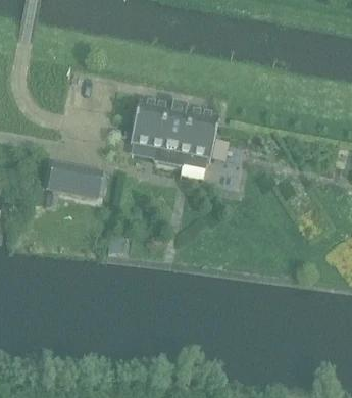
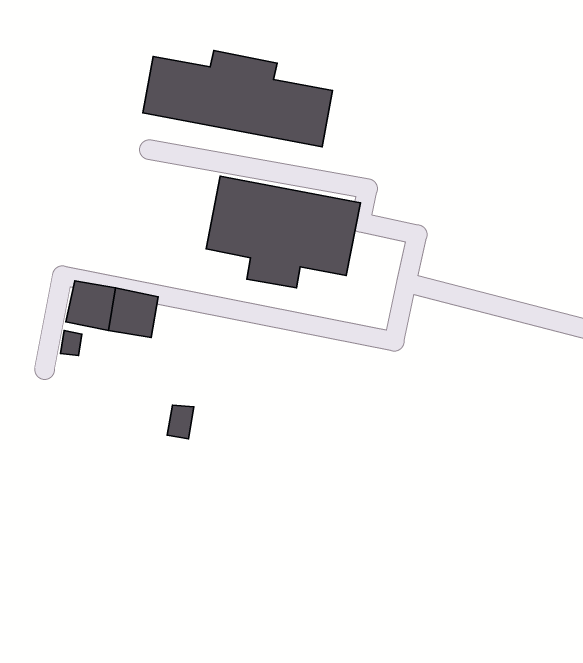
building: none -> [143,51,332,147]

